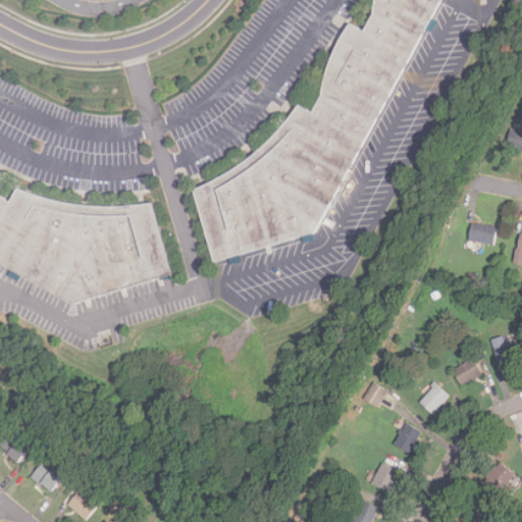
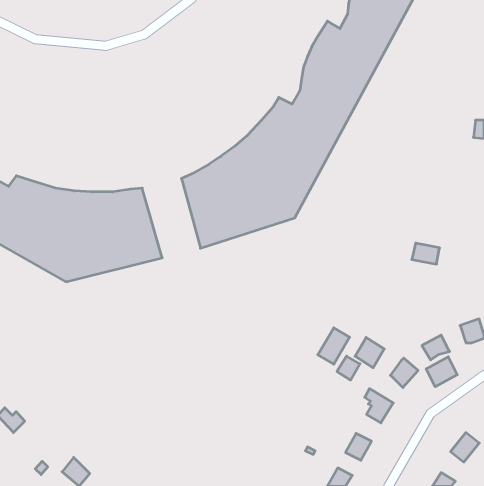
building: [465,222,494,245] -> [412,243,440,264]
building: none -> [318,328,350,364]
building: none -> [355,337,384,368]
building: none -> [426,357,457,387]
building: [31,464,60,490] -> none

